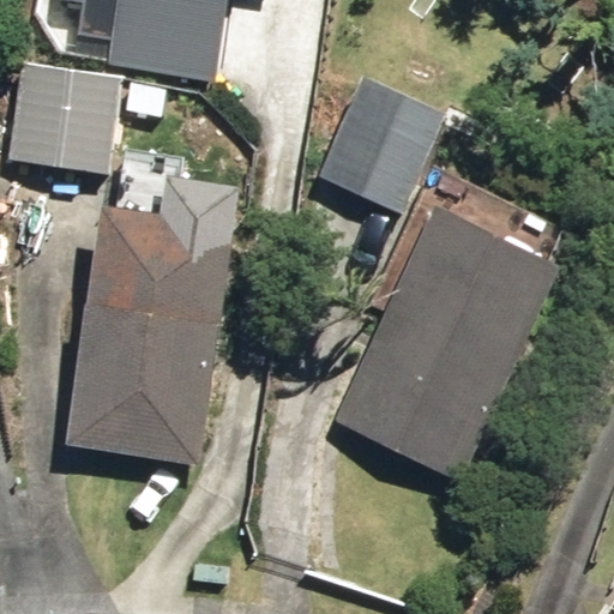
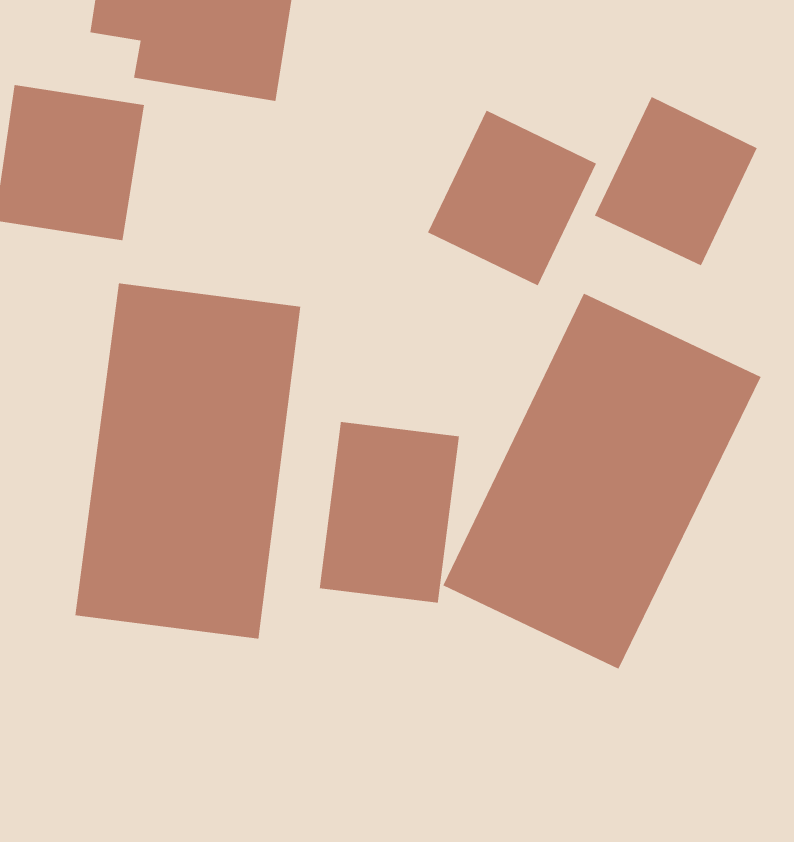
building: none -> [594,96,758,266]
building: none -> [319,421,459,603]

